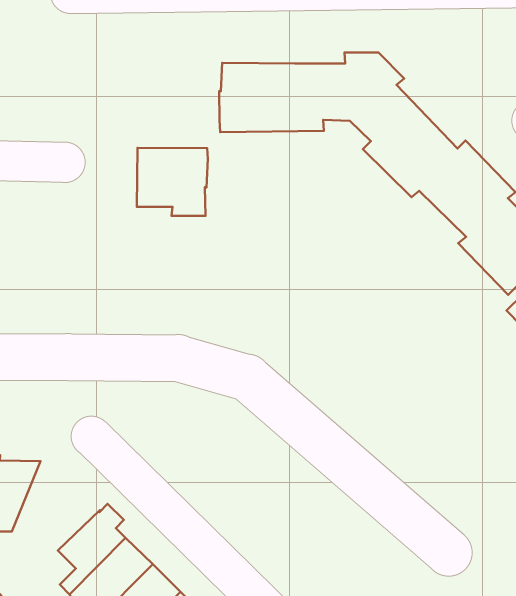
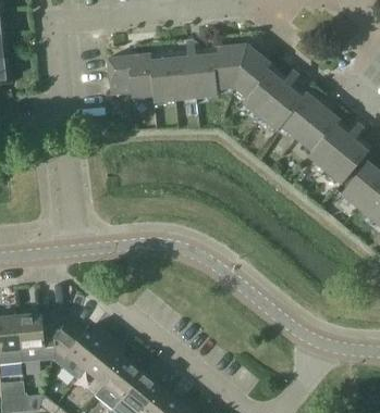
building: [137,148,208,216] -> [108,54,154,98]
building: none -> [53,315,106,378]

